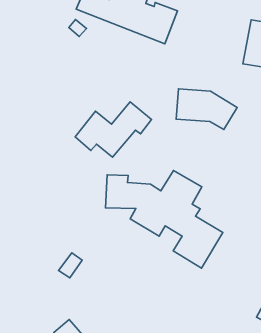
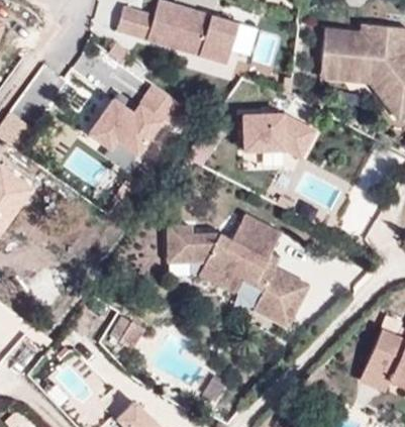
building: [75,102,152,157] -> [90,86,180,153]

